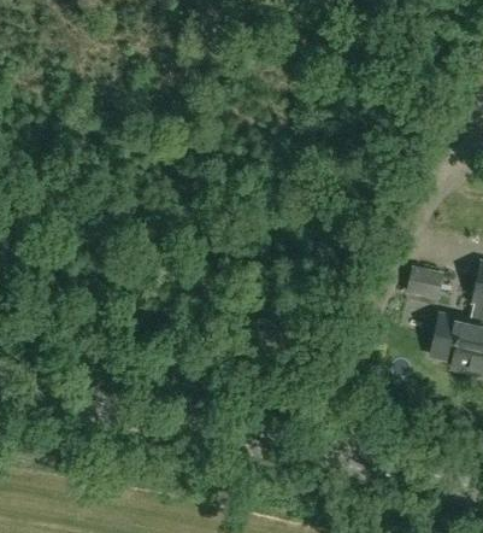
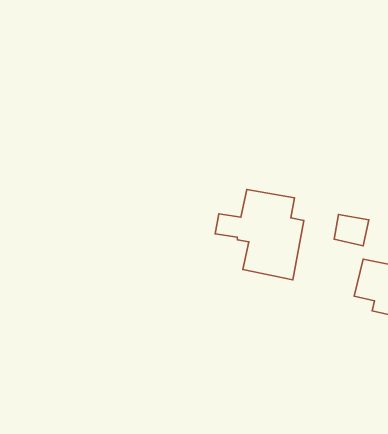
building: none -> [215,190,304,280]

